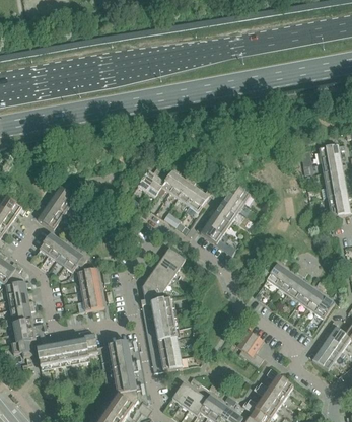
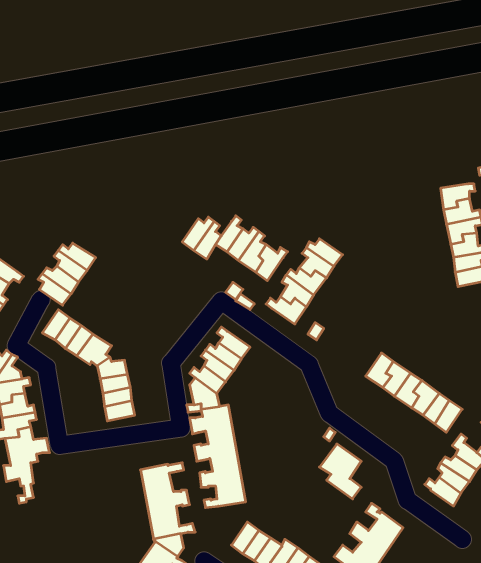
building: [38,330,98,368] -> none

